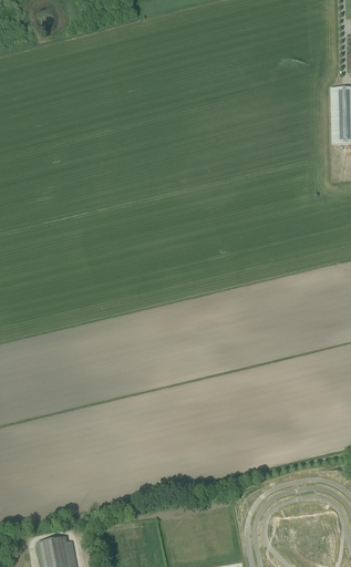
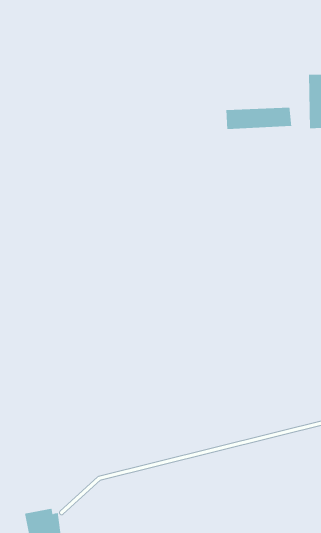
building: none -> [226,107,292,130]

